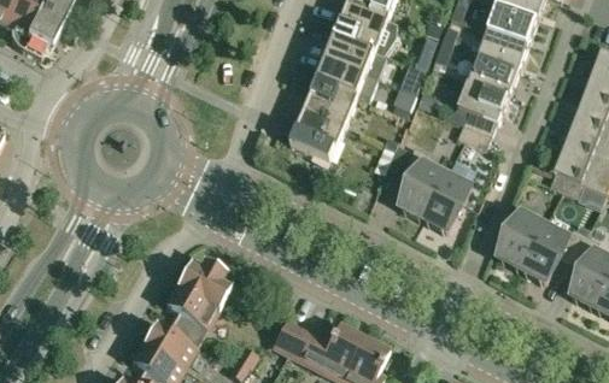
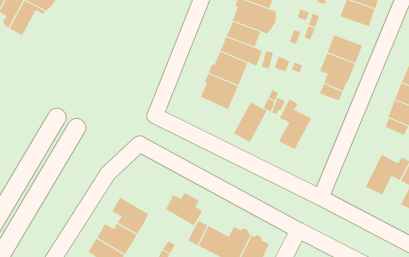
building: [479,31,529,72] -> none
building: [424,175,473,232] -> [233,102,267,143]
building: [499,213,546,271] -> none
building: [177,261,230,310] -> [165,192,203,226]

